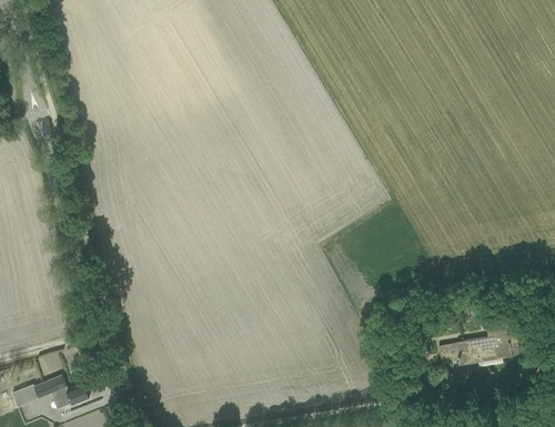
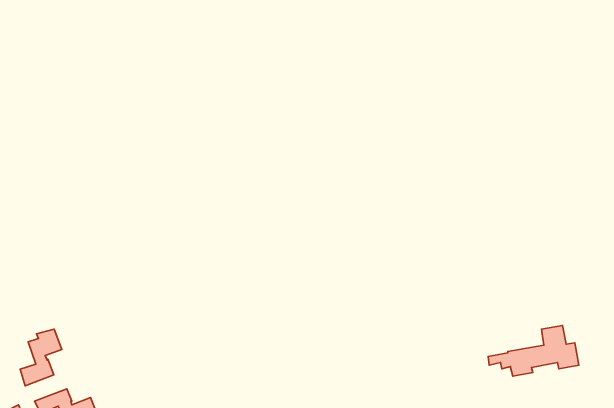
building: none -> [20,329,62,386]

